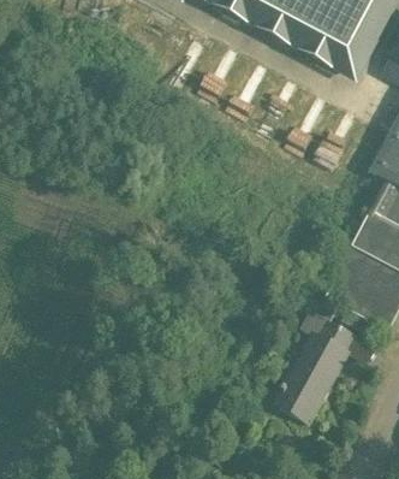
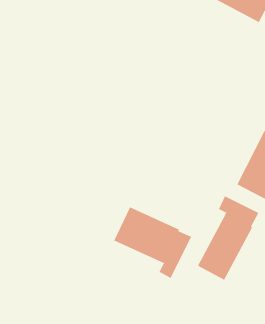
building: none -> [114,207,192,279]

